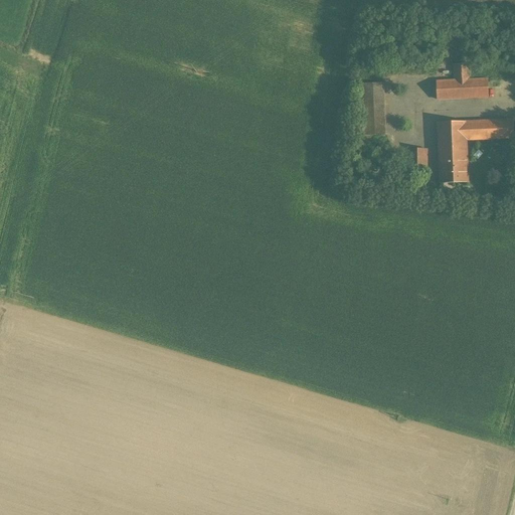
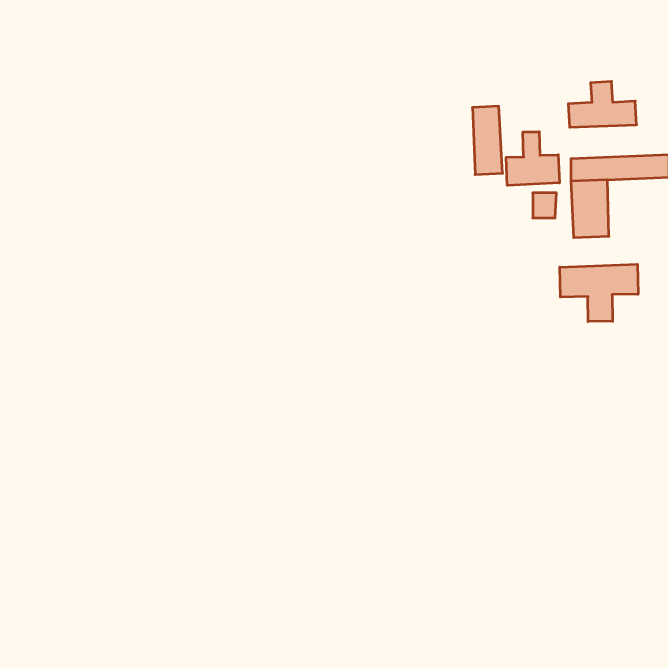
building: none -> [506,132,559,185]
building: none -> [560,264,638,322]

